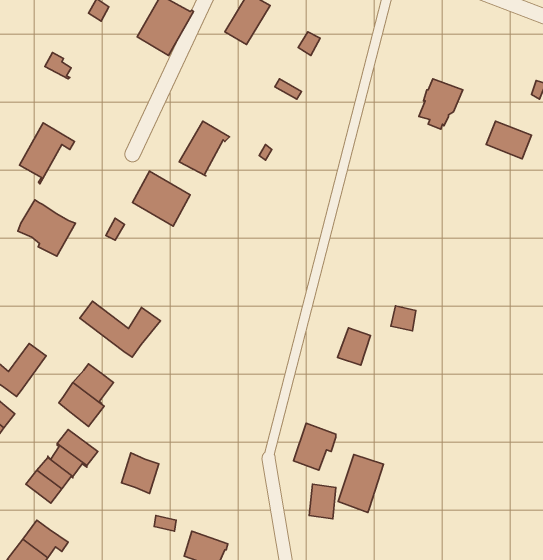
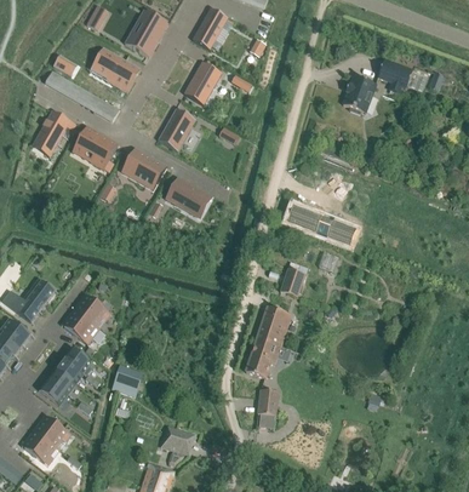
building: none -> [98,46,143,92]
building: none -> [184,62,222,104]
building: [486,121,532,159] -> [378,58,413,87]
building: [18,200,76,256] -> [74,125,119,168]
building: none -> [166,176,213,214]
building: none -> [288,205,356,244]
building: [80,301,160,357] -> none
building: [338,455,384,513] -> [256,305,291,350]

